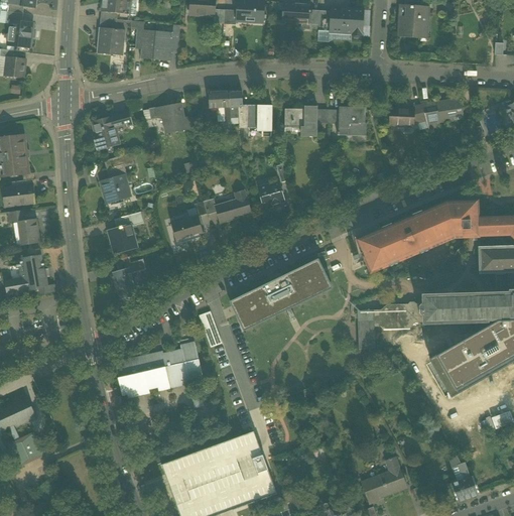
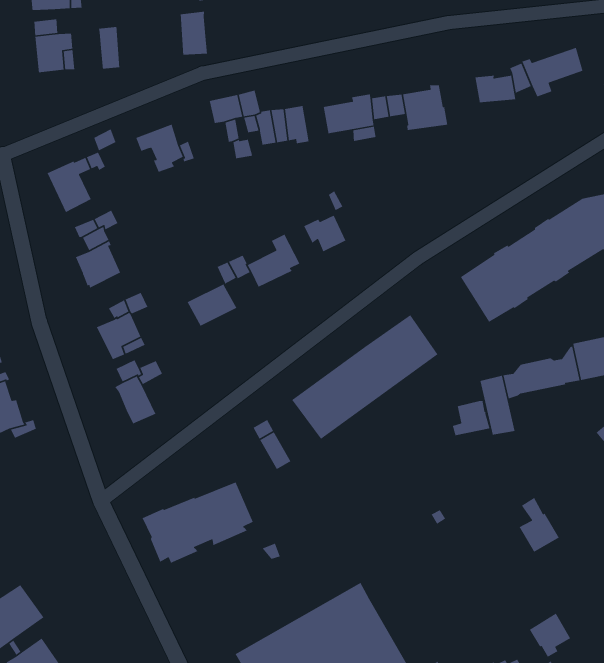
building: [153,31,173,61] -> [180,11,208,55]
building: none -> [452,400,490,436]
building: [180,343,203,379] -> none
building: [381,457,407,494] -> [519,497,560,553]

